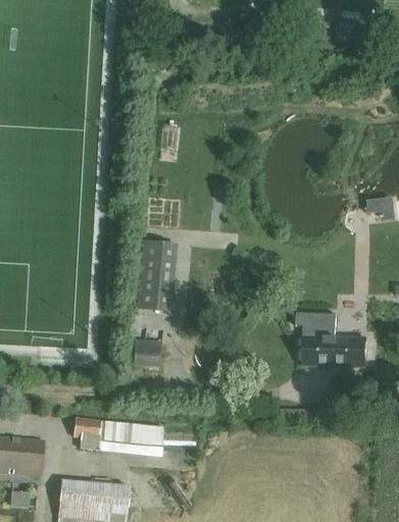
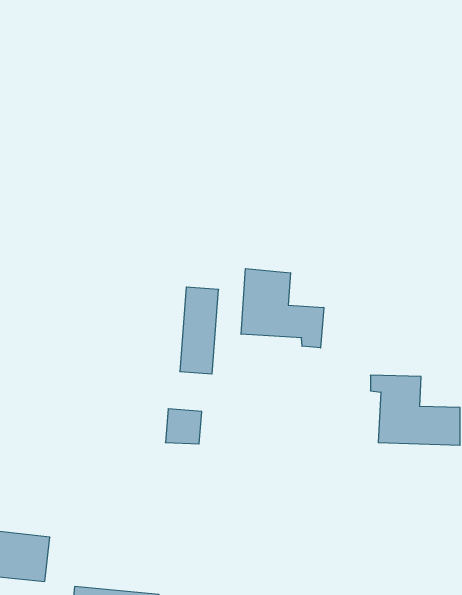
building: none -> [241,269,324,348]
building: [72,418,163,456] -> none

